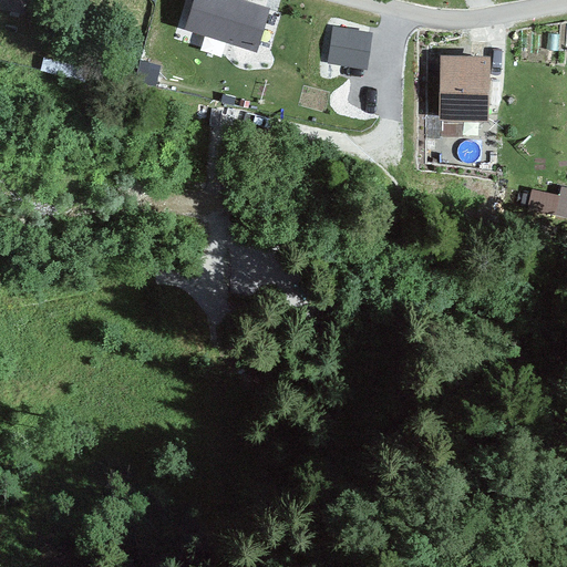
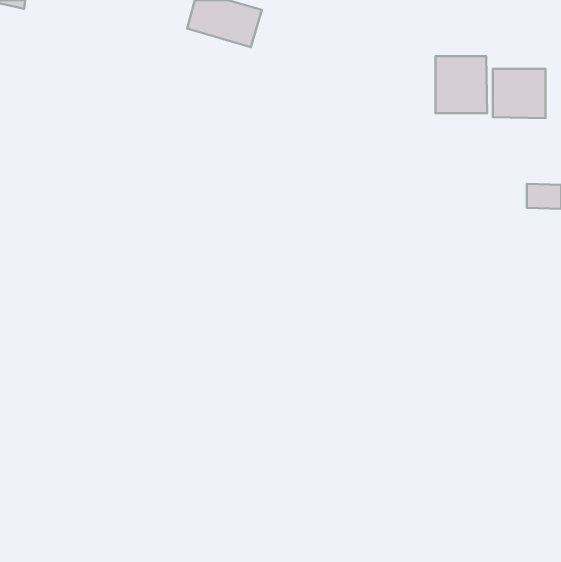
building: [330,30,369,65] -> none
building: none -> [493,69,546,118]

